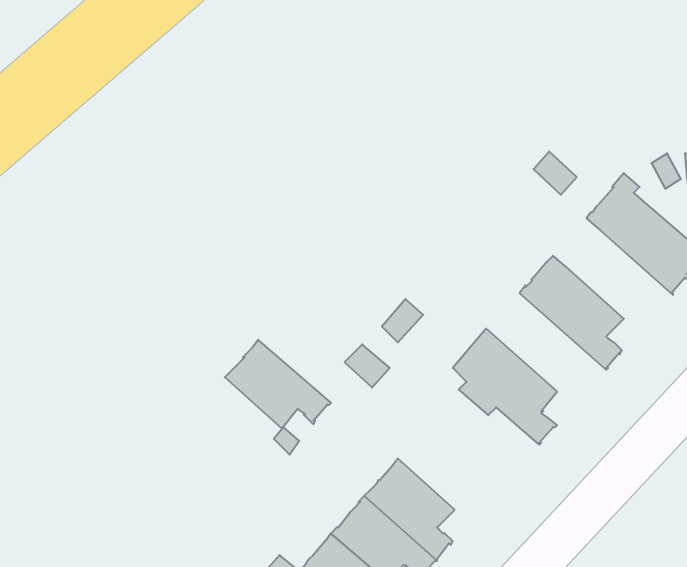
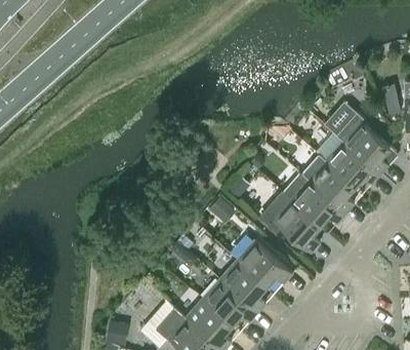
building: none -> [325,140,380,186]
building: none -> [282,171,345,224]
building: [225,340,331,428] -> [237,239,292,285]

